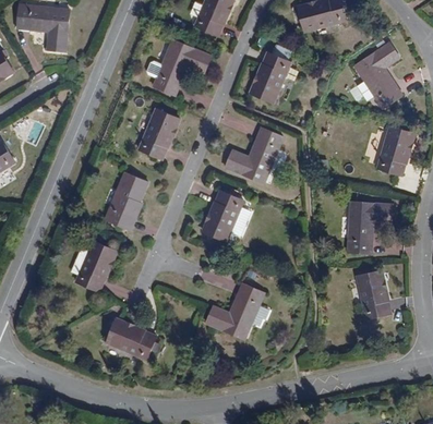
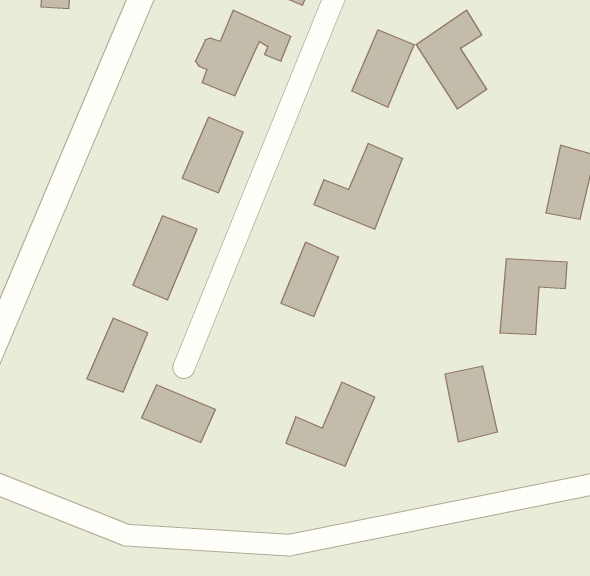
building: [356,41,402,107] -> [416,10,487,109]
building: [356,271,390,322] -> [445,366,498,442]
building: [105,322,154,360] -> [142,385,216,442]

